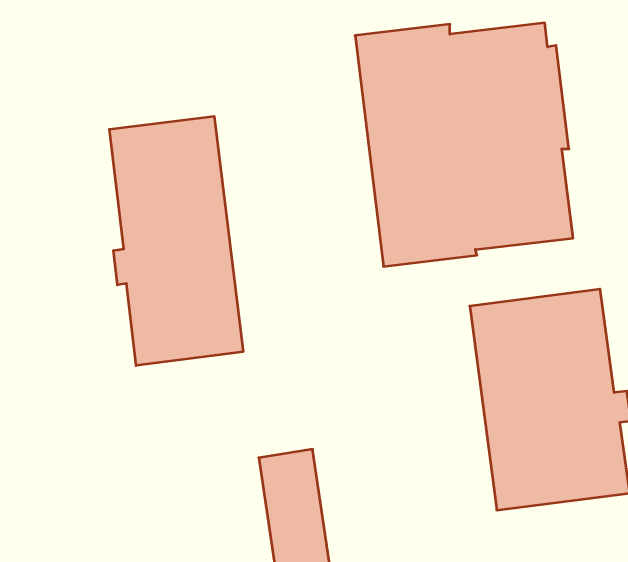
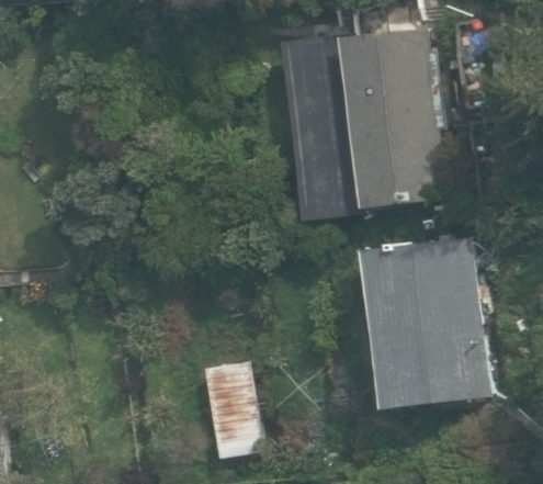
building: [109,116,243,366] -> none

